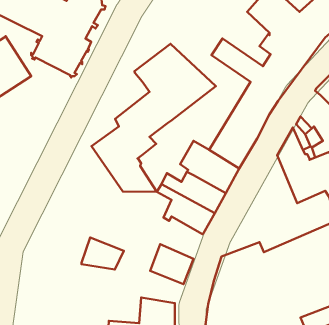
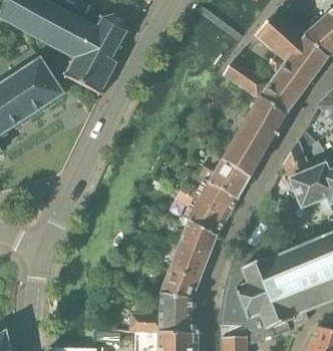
building: [92,44,216,192] -> none
building: none -> [179,220,217,258]
building: [81,237,124,270] -> [161,269,200,298]

